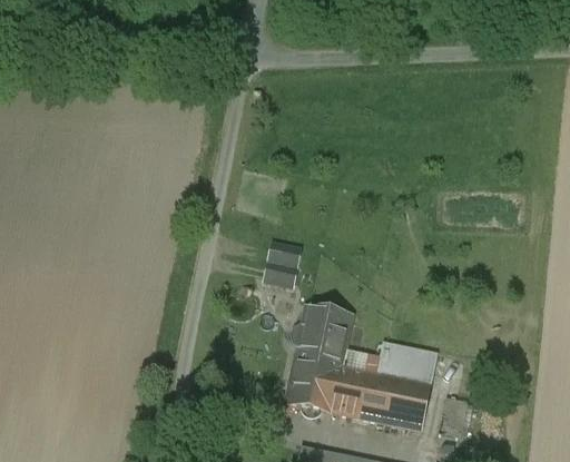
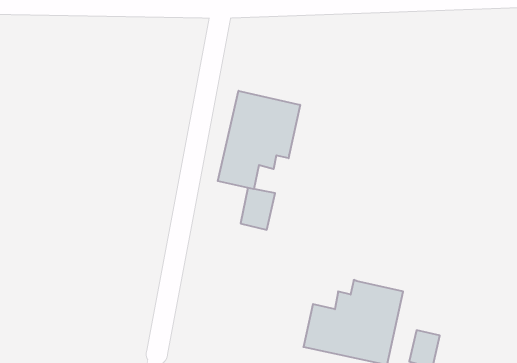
building: none -> [218,91,300,189]
building: [285,306,352,411] -> none

